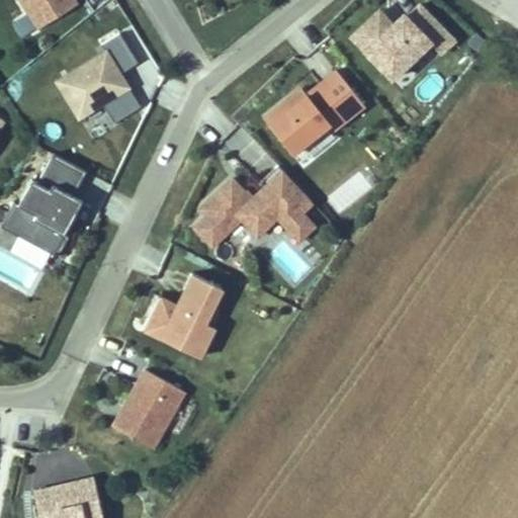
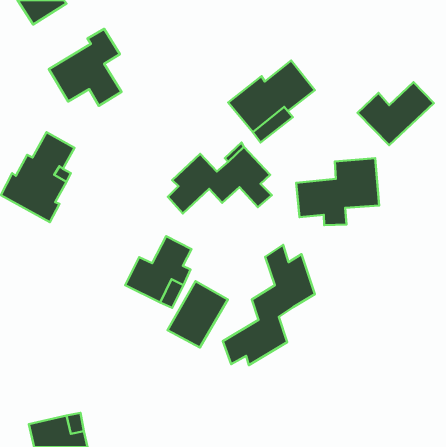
building: [356,5,444,78] -> [358,82,434,145]
building: none -> [296,158,379,225]
building: none -> [223,245,315,365]
building: [114,369,184,446] -> [168,281,228,348]

